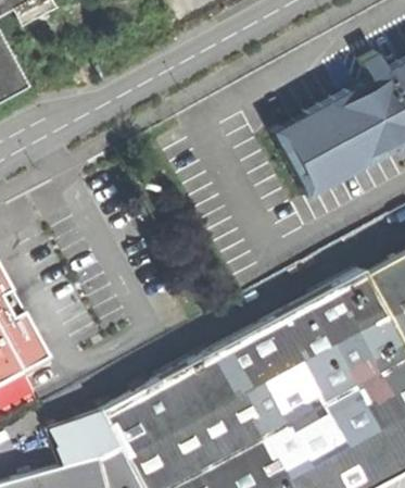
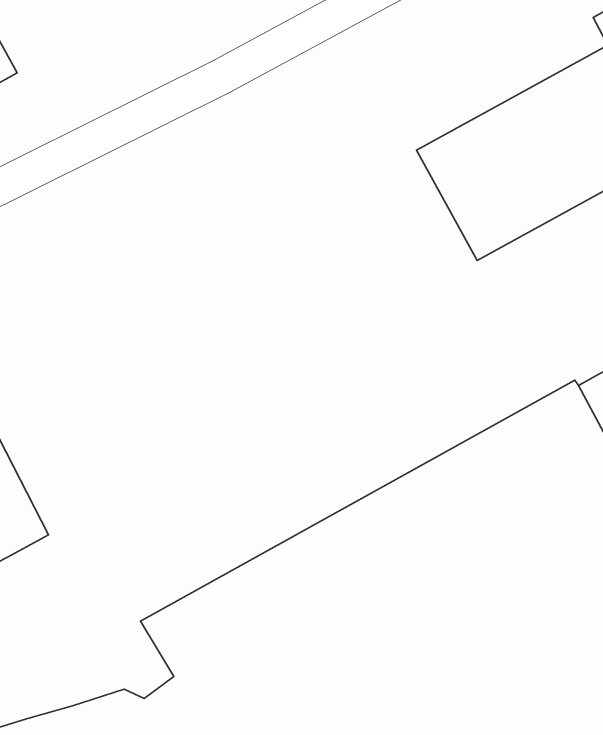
building: [55,412,124,462] -> none

